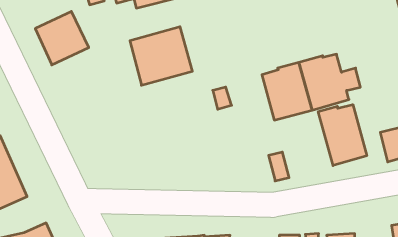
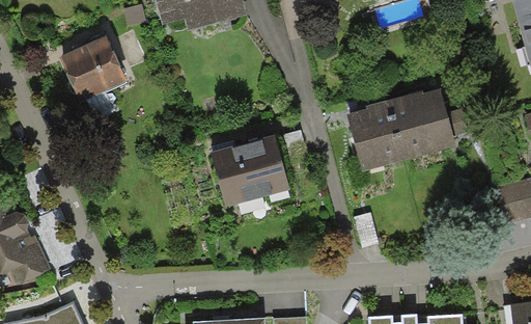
building: [130,27,192,85] -> [211,133,289,207]
building: [318,105,367,166] -> none

